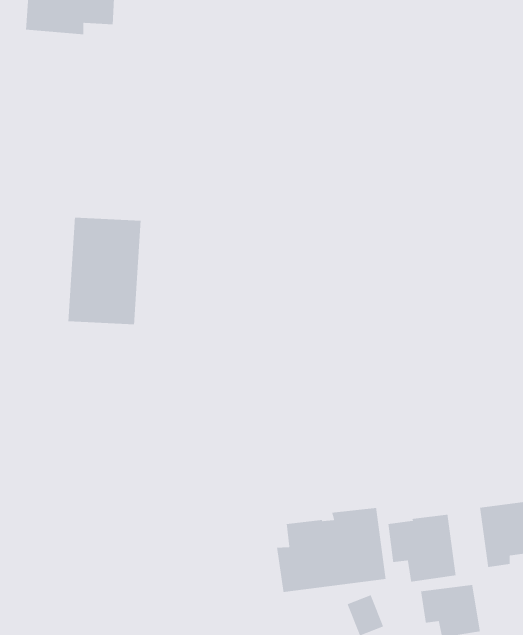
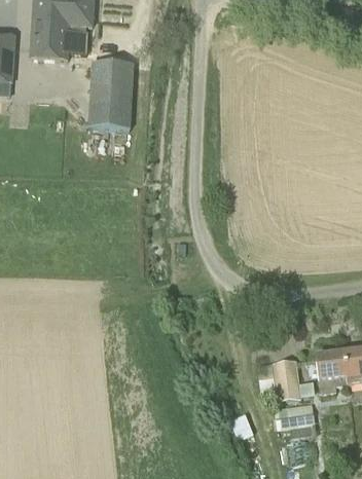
building: [68,217,141,325] -> [87,61,134,128]
building: [276,507,386,593] -> none

